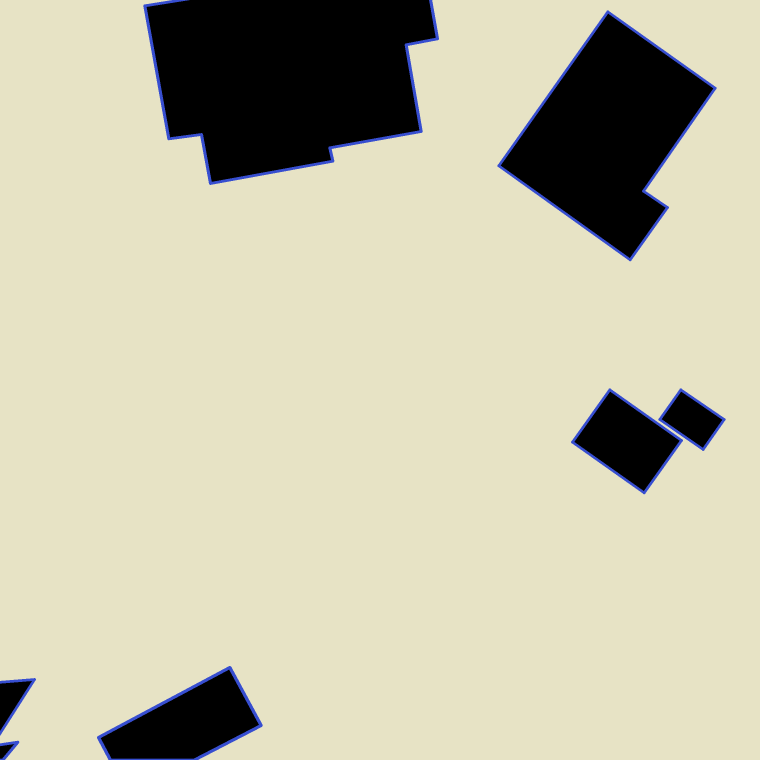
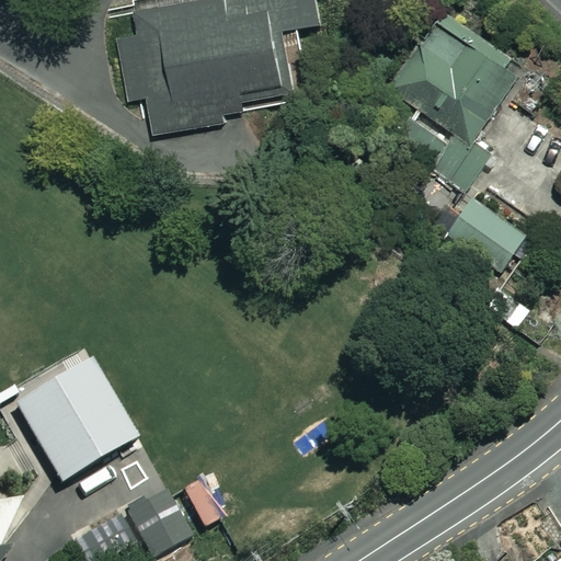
building: [572,390,681,493] -> [447,197,527,273]
building: none -> [15,357,138,480]

